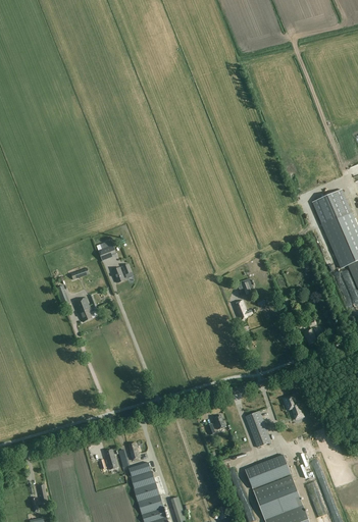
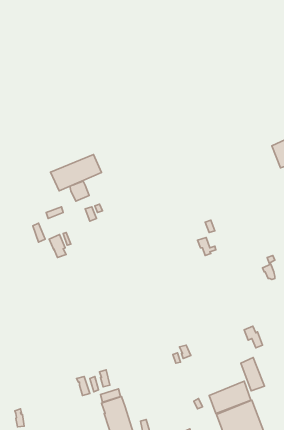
building: none -> [50,155,101,191]
building: [245,411,270,447] -> [241,358,265,391]

